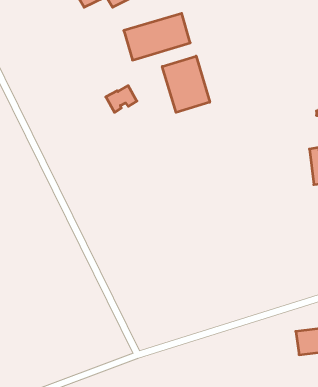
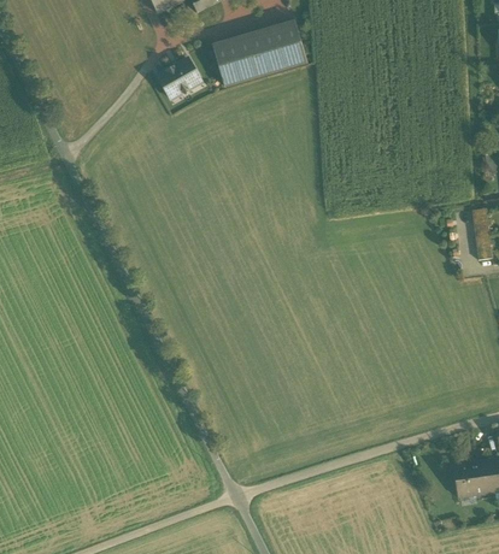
building: [162,56,210,112] -> none
building: [106,86,137,112] -> [158,59,201,96]

